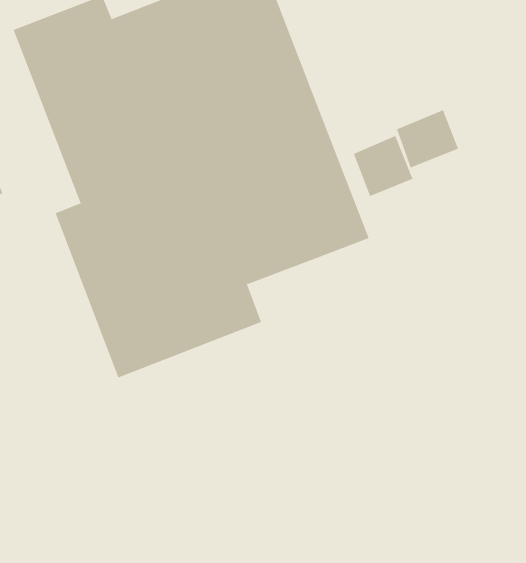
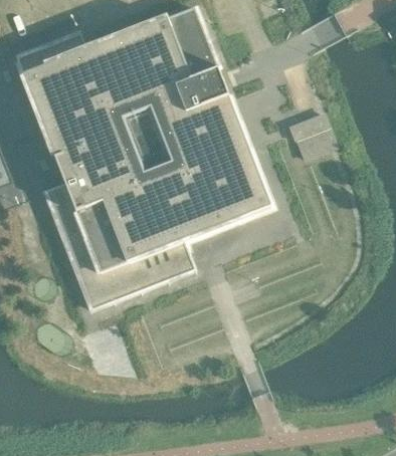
building: [353,135,413,197] -> none

